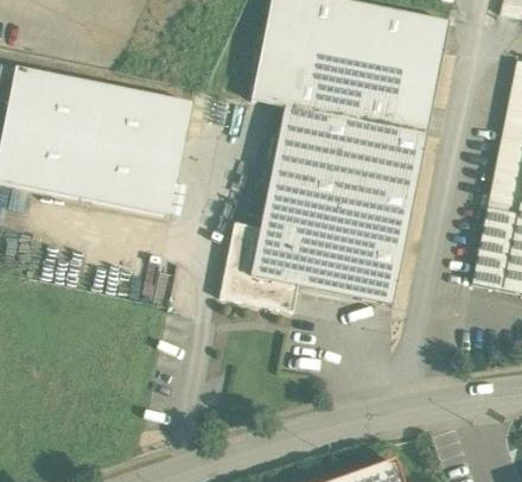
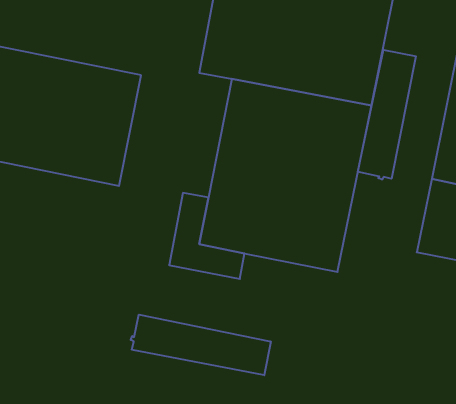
building: none -> [358,50,416,180]
building: none -> [131,315,271,375]

